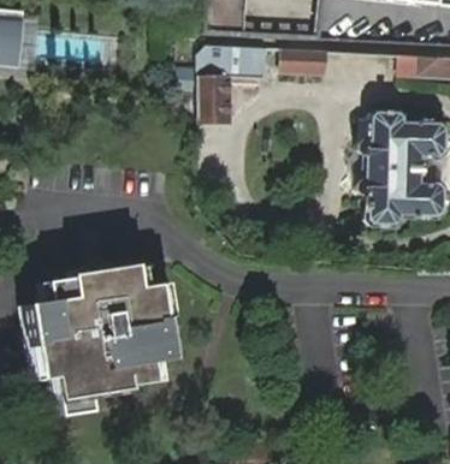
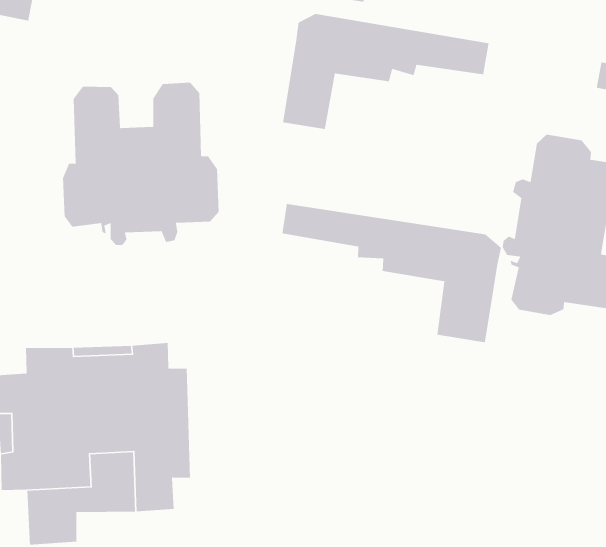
building: none -> [62,82,220,246]
building: none -> [282,203,502,343]

